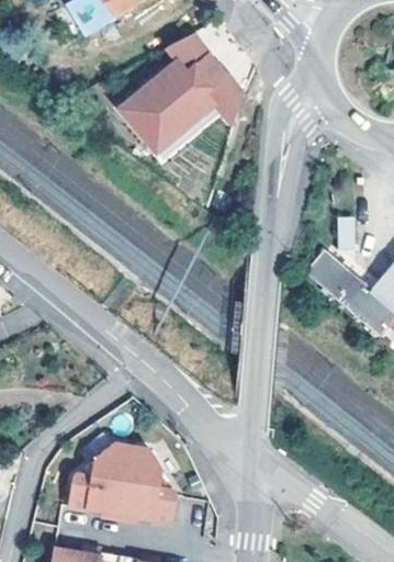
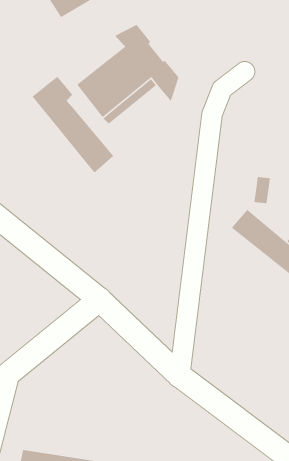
building: none -> [32,76,114,173]
building: [67,443,182,524] -> none

